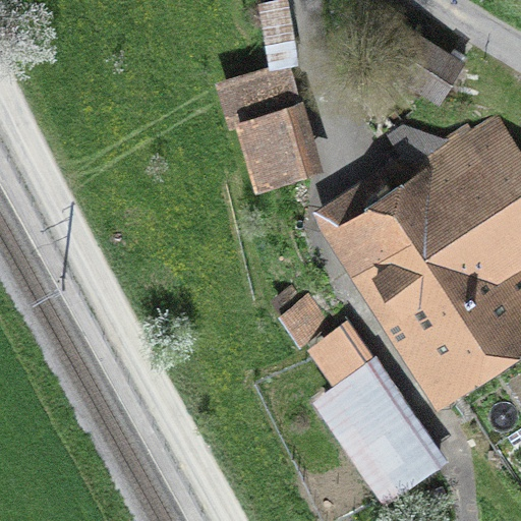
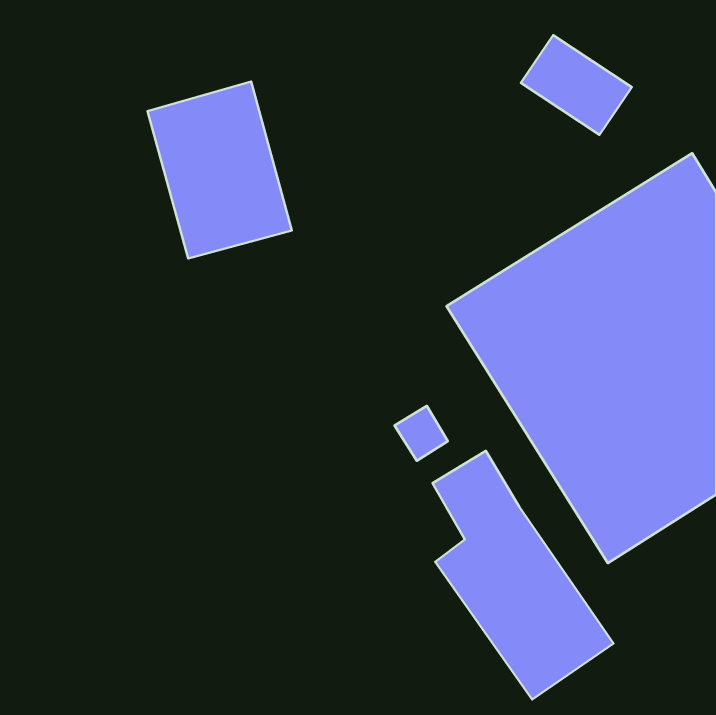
building: [218,66,323,194] -> [147,82,292,259]

